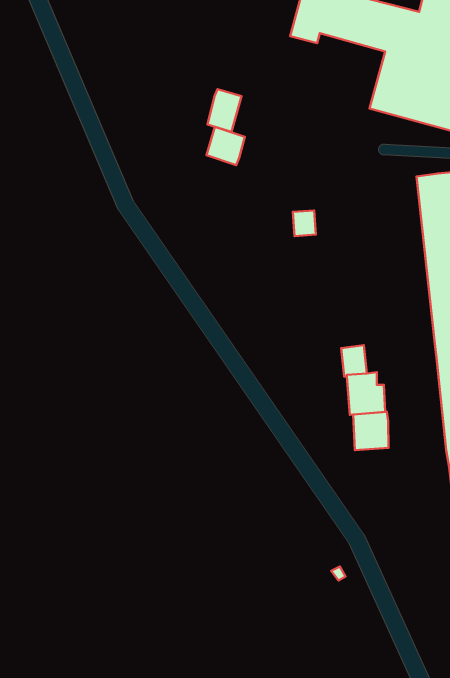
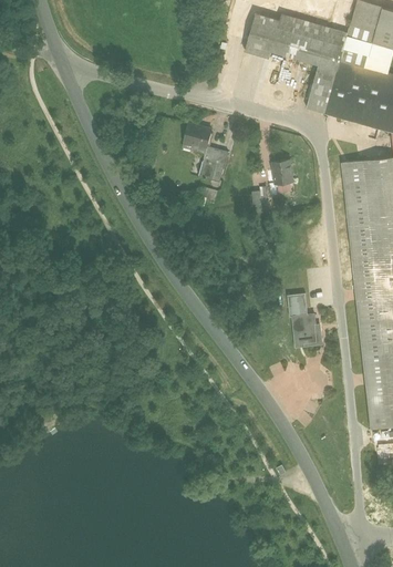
building: [208,89,242,132] -> [196,146,223,179]
building: none -> [268,158,290,184]
building: [353,412,389,450] -> none

